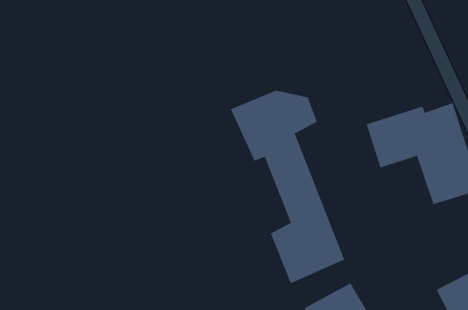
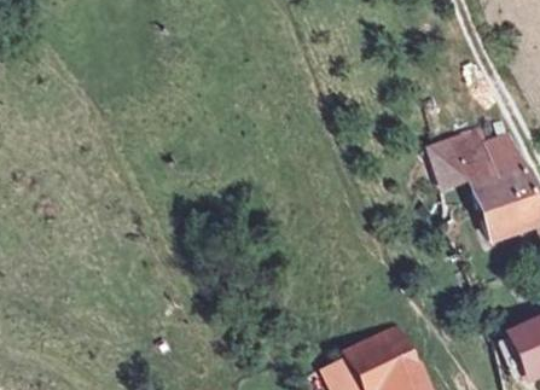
building: [230,90,345,284] -> none

